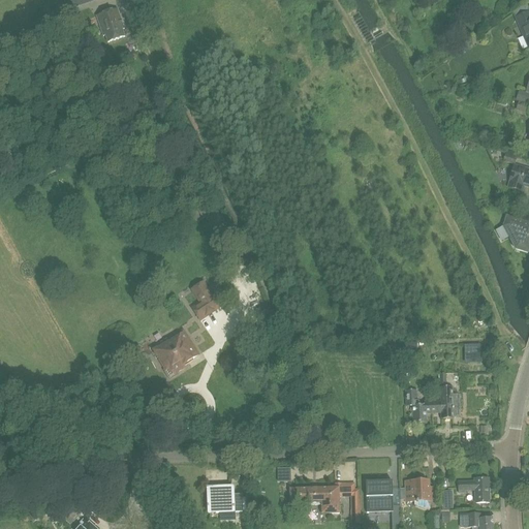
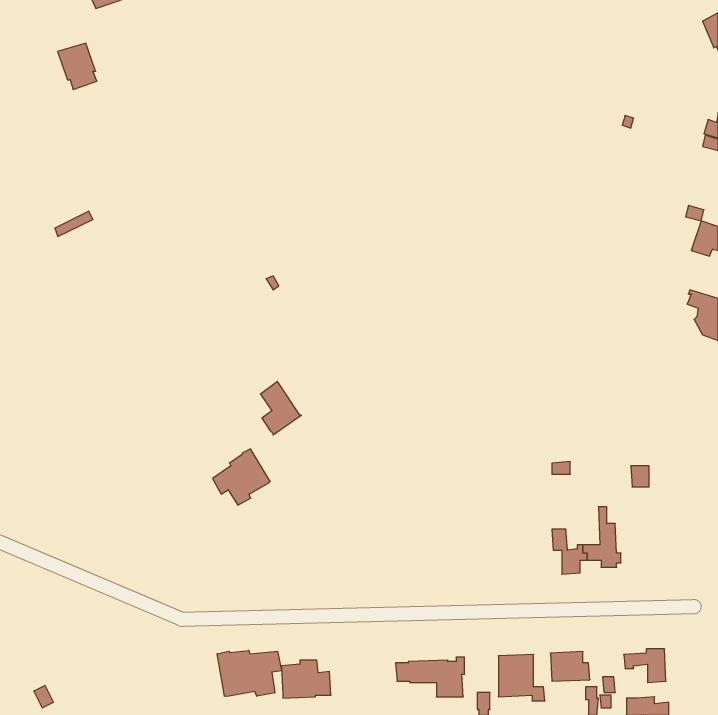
building: [96,7,125,41] -> [58,43,97,90]
building: none -> [217,650,282,696]

